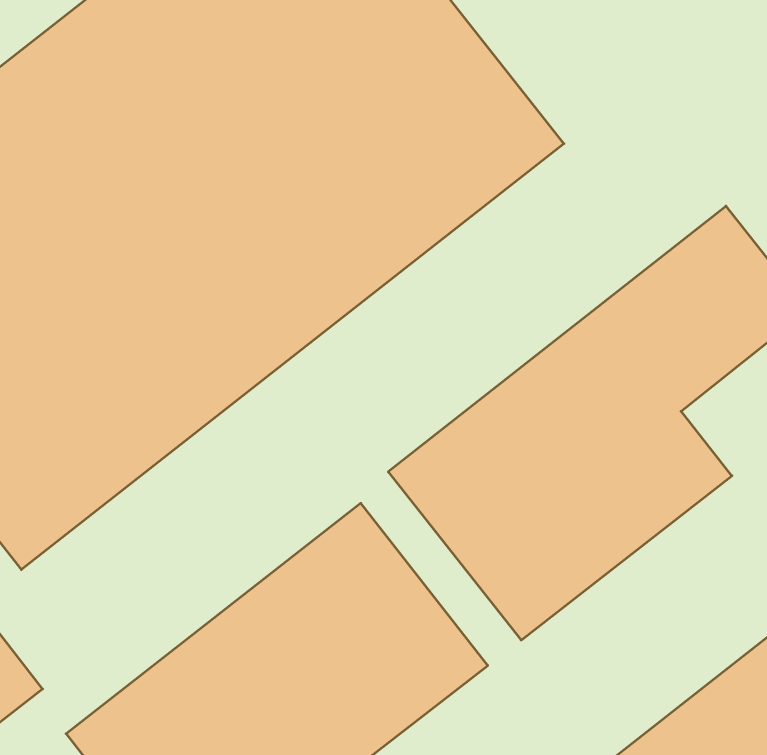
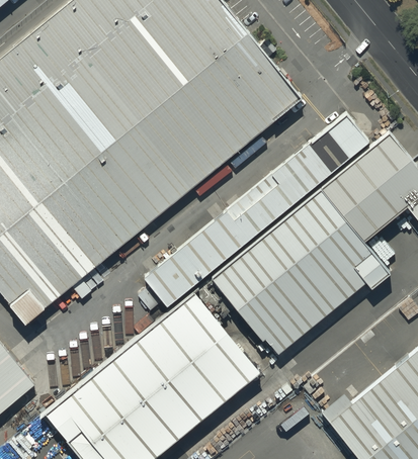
building: none -> [142,118,367,305]

